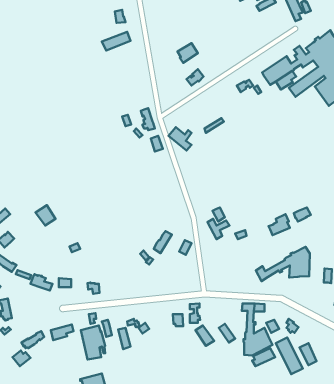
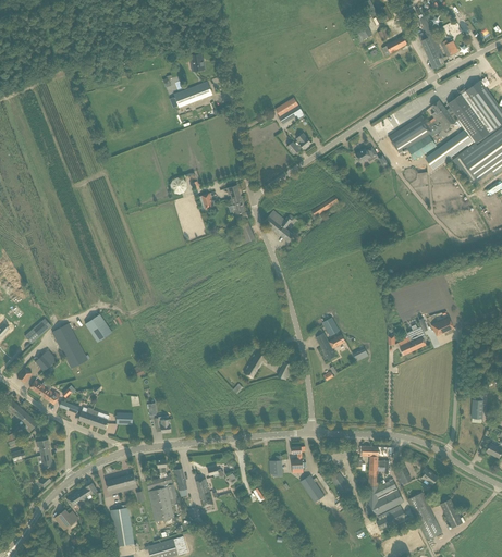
building: none -> [52,322,87,367]
building: [256,247,310,281] -> none
building: none -> [110,504,134,545]

